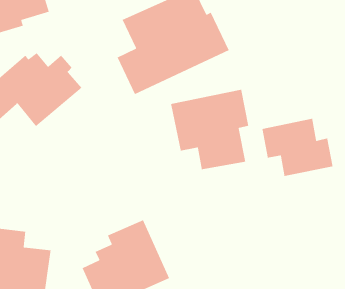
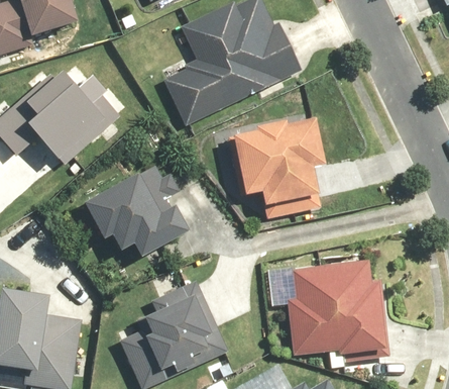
building: [261,118,333,177] -> none
building: none -> [87,166,192,257]
building: none -> [288,261,388,361]

